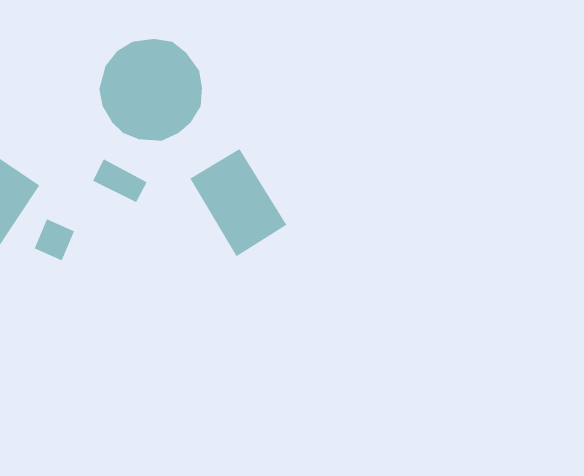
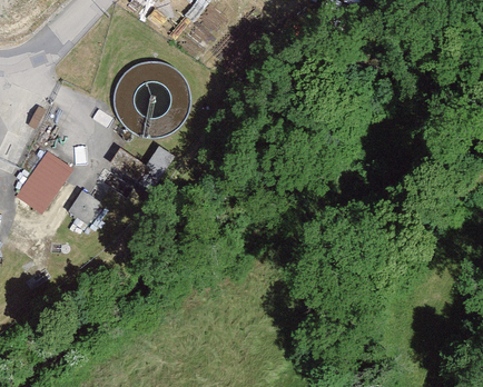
building: [189,148,287,257] -> none

